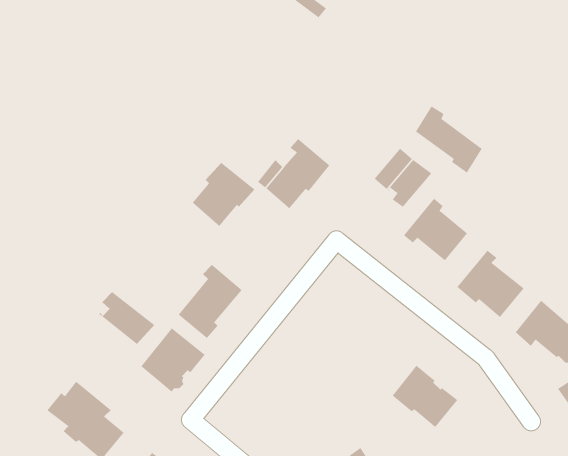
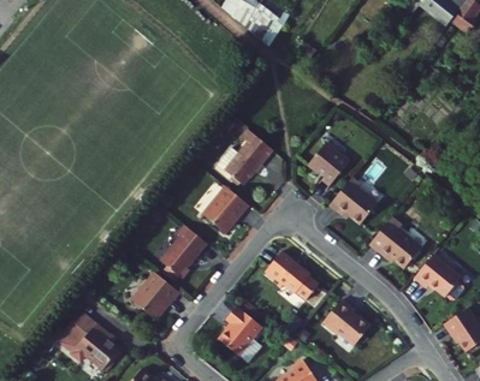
building: [415,105,483,173] -> none
building: [192,162,255,227] -> [205,187,251,236]
building: [99,291,155,345] -> none
building: none -> [261,251,316,302]
building: none -> [214,308,259,357]

